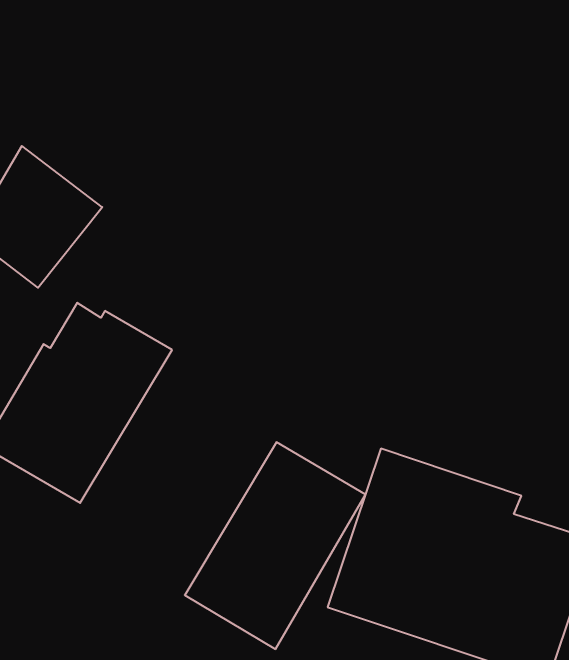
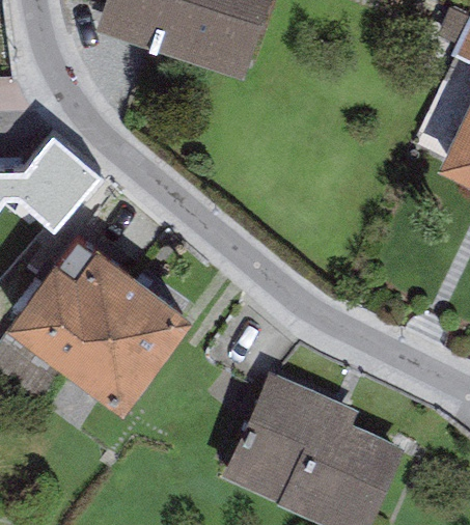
building: [185,442,365,649] -> [65,287,191,423]

